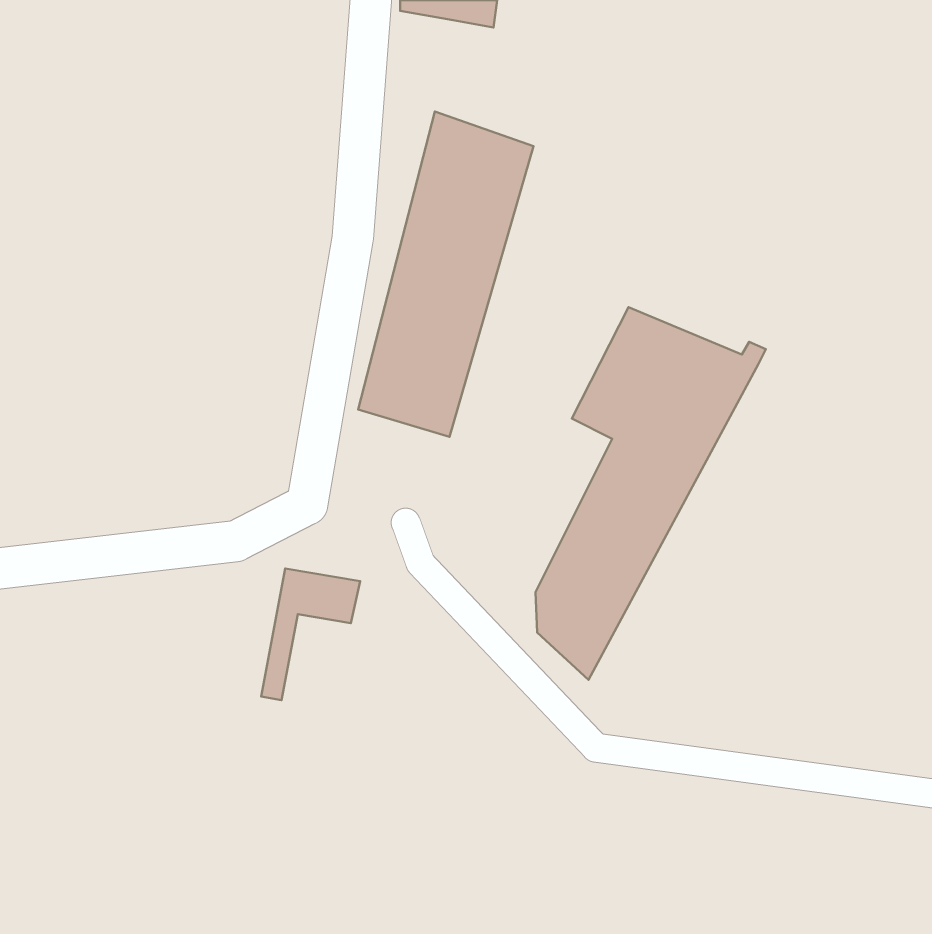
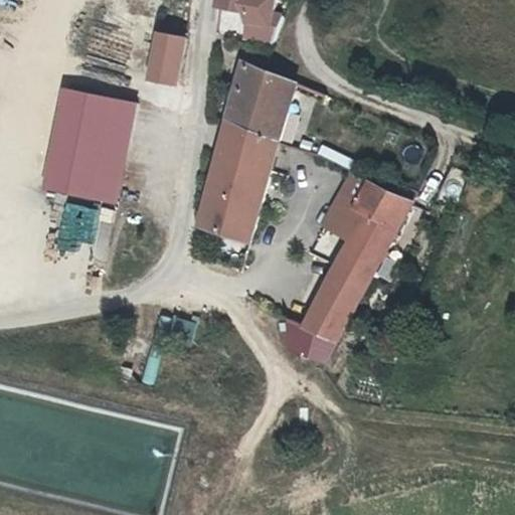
building: none -> [245,11,282,44]
building: none -> [144,35,179,84]
building: none -> [45,90,129,202]

